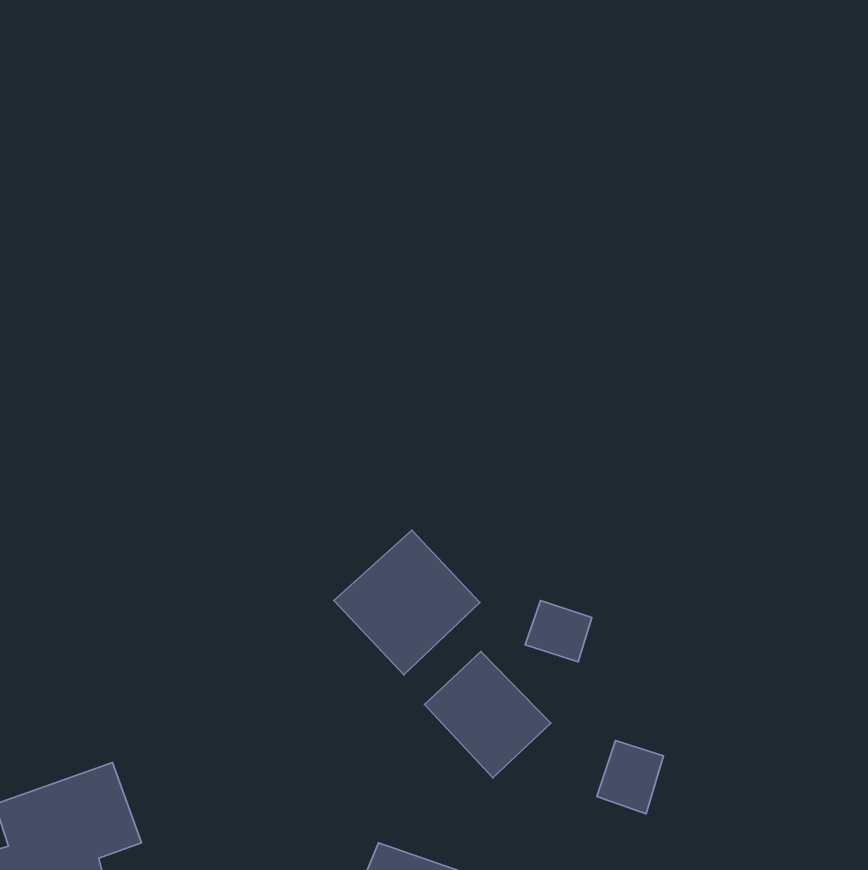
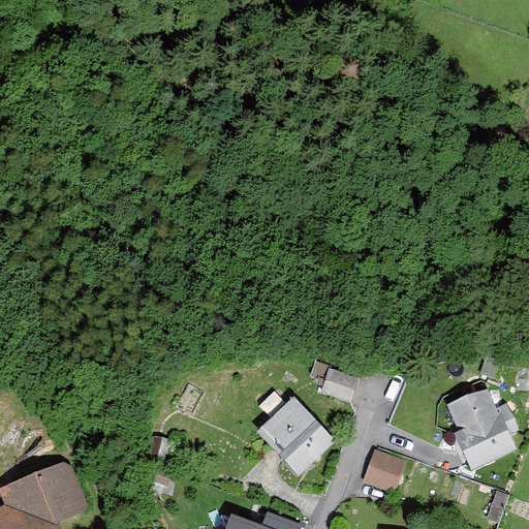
building: [334,530,480,675] -> none
building: none -> [445,382,519,467]

